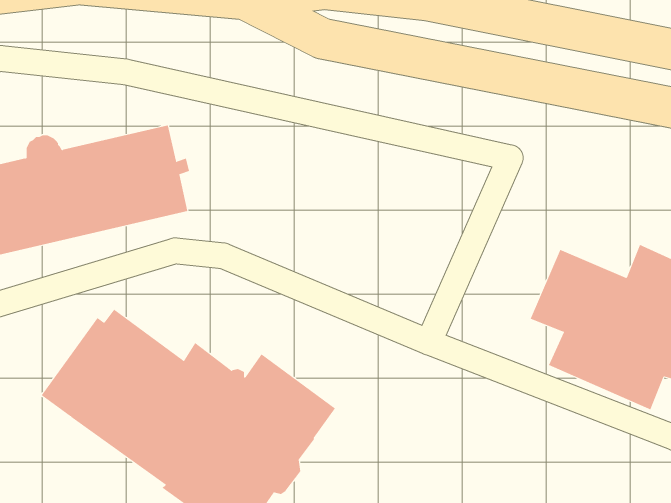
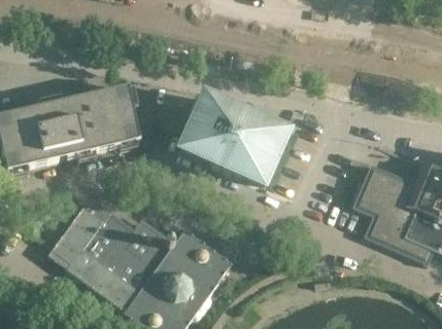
building: none -> [179,96,286,183]

